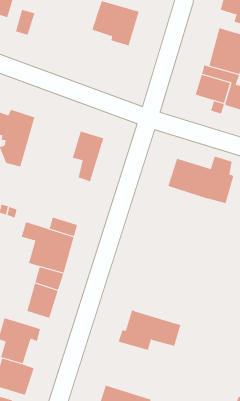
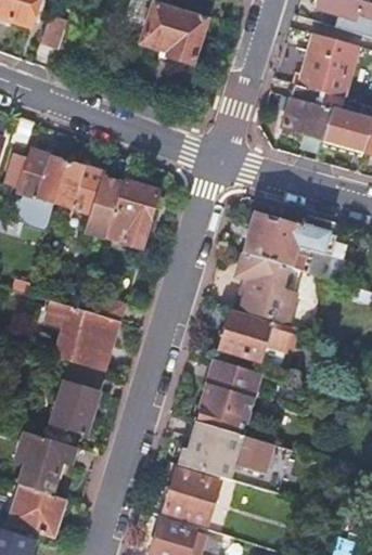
building: none -> [54,159,121,235]
building: none -> [233,253,299,323]
building: none -> [220,313,291,365]
building: none -> [202,360,261,434]
building: none -> [165,469,220,522]

